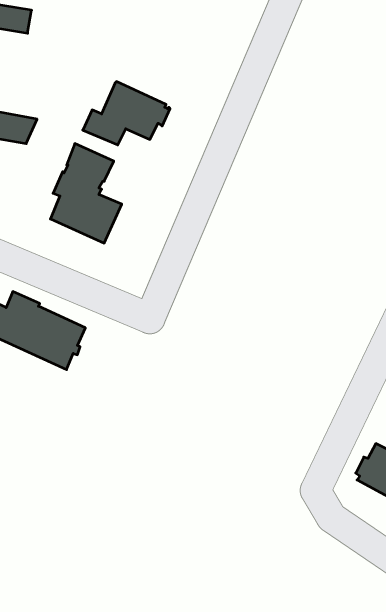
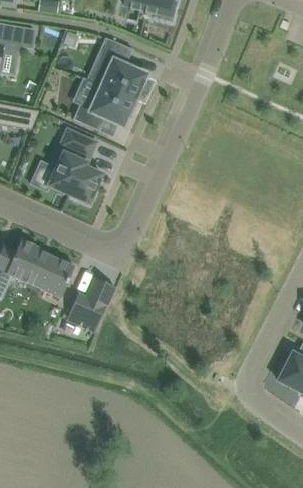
building: none -> [98,39,146,100]
building: none -> [66,278,115,331]

